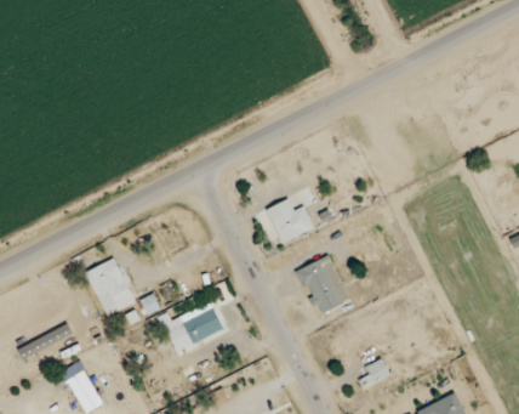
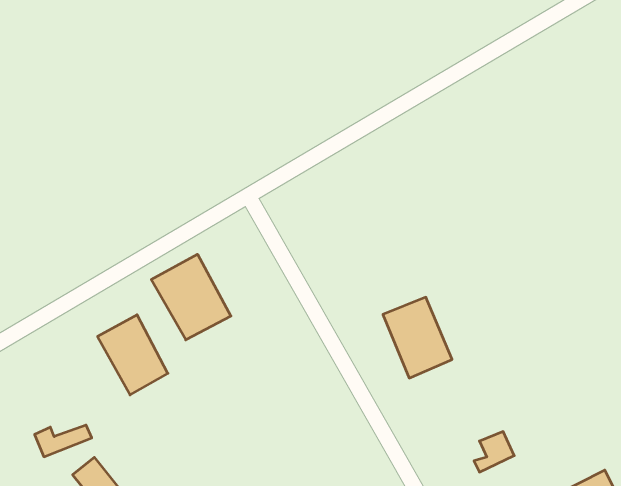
building: [267,199,314,243] -> none
building: none -> [151,254,231,340]
building: [176,301,223,346] -> none

